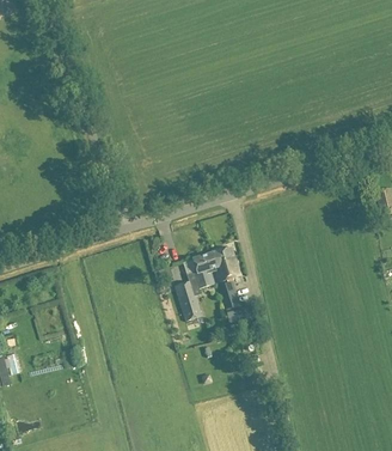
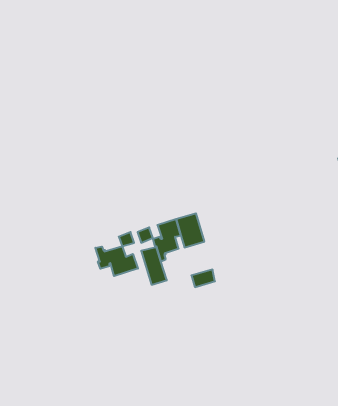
building: none -> [95,246,138,276]

